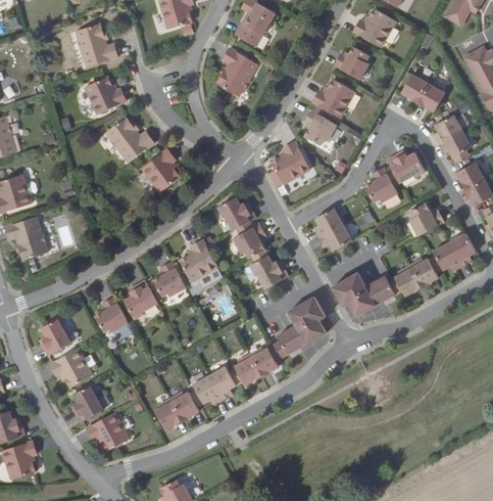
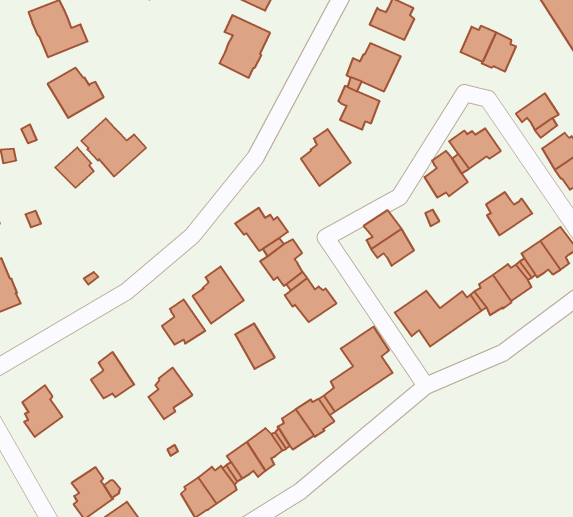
building: [434,116,462,144] -> none
building: none -> [55,147,94,188]
building: [142,149,180,192] -> none
building: [124,280,157,319] -> [148,368,192,419]
building: [49,349,92,388] -> none

